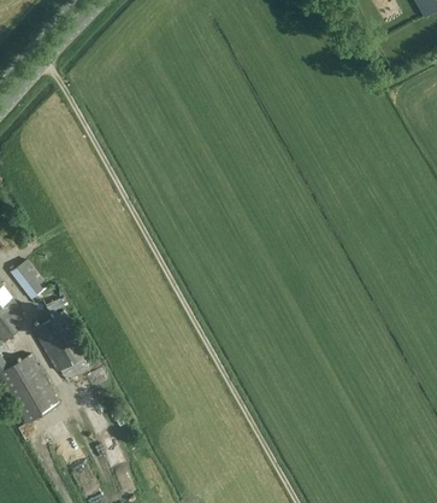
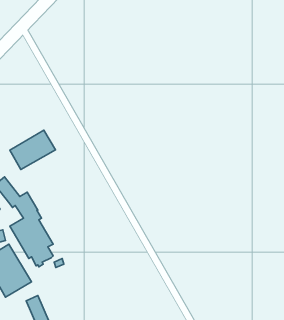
building: none -> [10,130,55,170]

